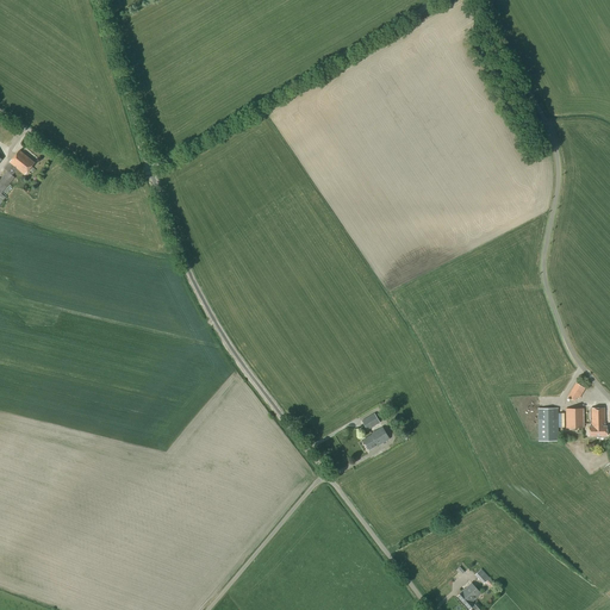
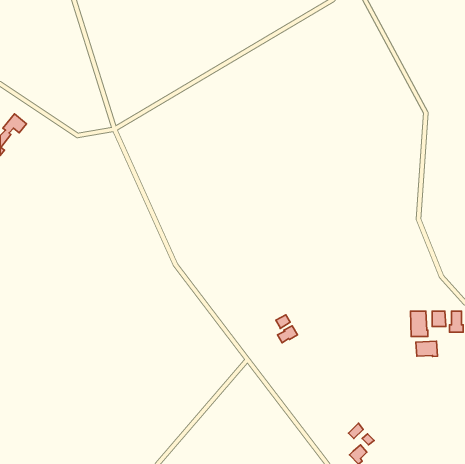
building: none -> [416,341,438,356]

